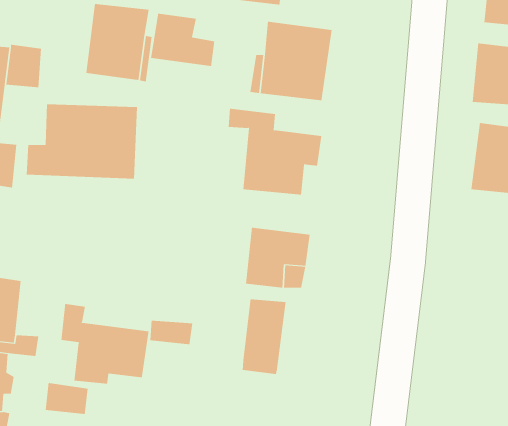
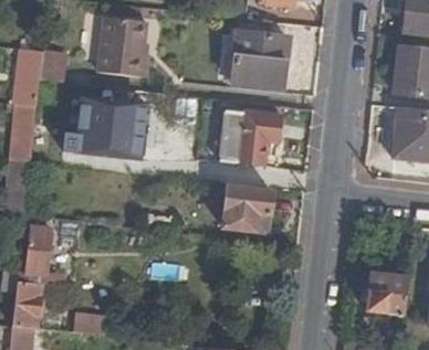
building: [151,13,215,67] -> none
building: [242,299,286,375] -> none
building: [61,303,149,384] -> none
building: none -> [365,275,407,319]

